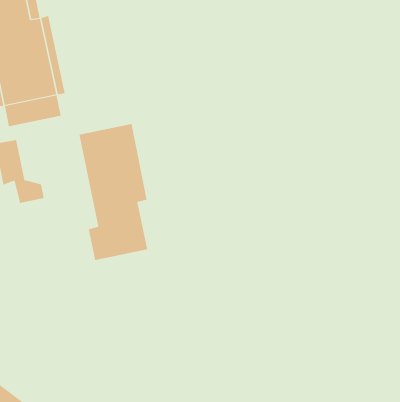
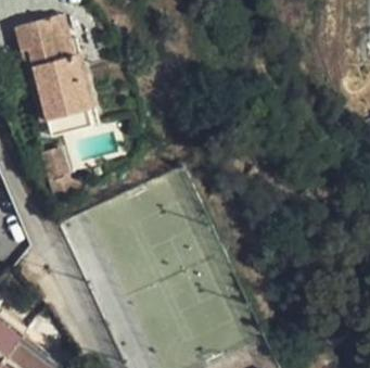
building: [79,123,148,261] -> none

